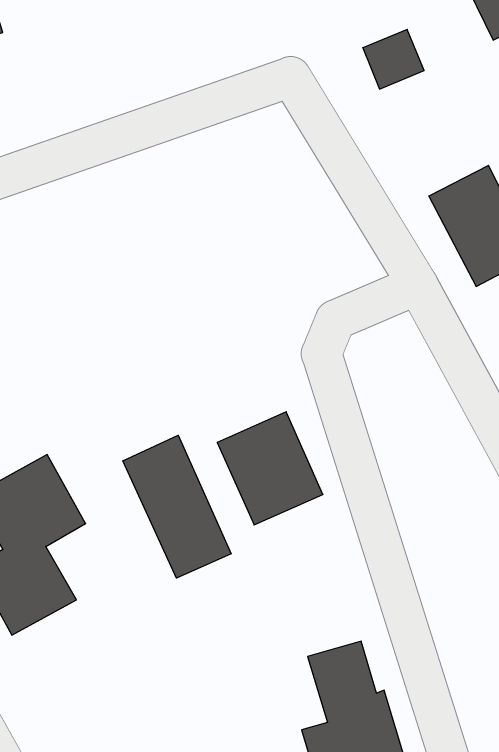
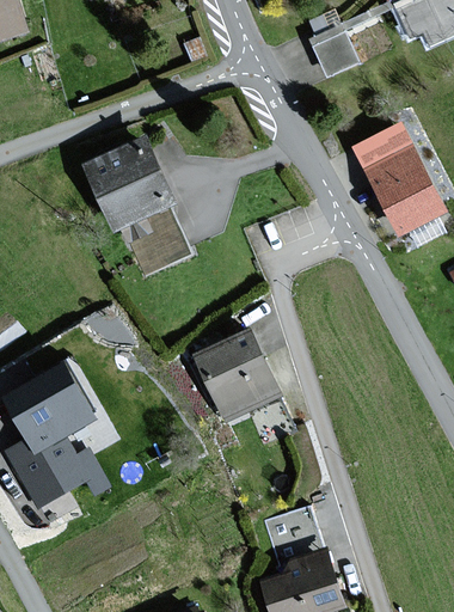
building: none -> [85,136,186,274]
building: [123,435,231,578] -> none

